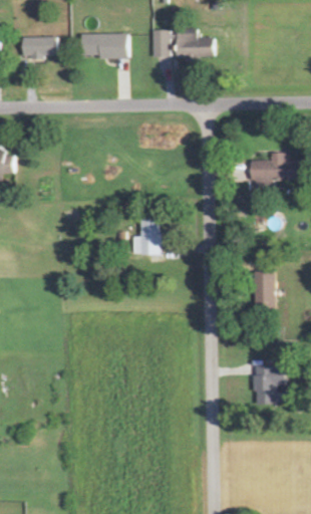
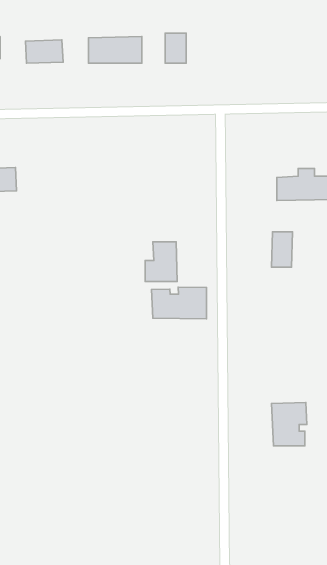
building: [175,29,216,61] -> none
building: none -> [152,287,206,319]
building: [256,272,275,304] -> [272,232,293,267]

